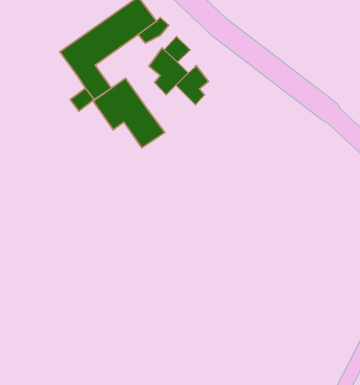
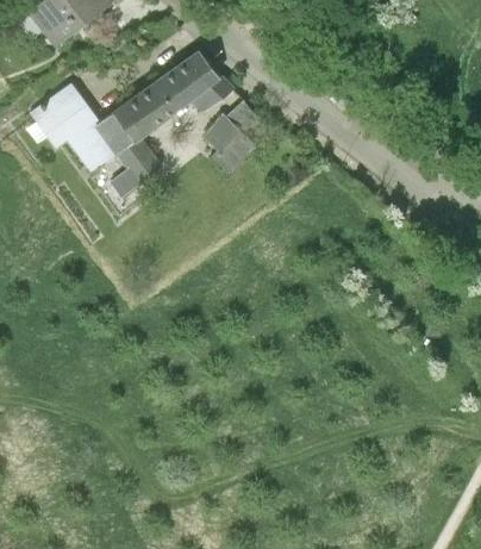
building: [176,66,209,105] -> none
building: [93,78,165,148] -> [31,85,120,171]

